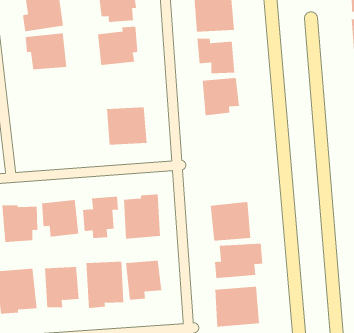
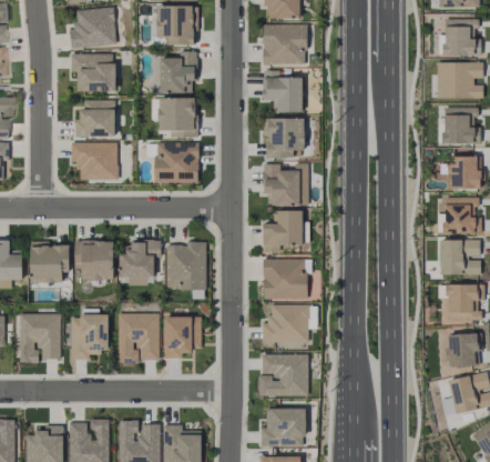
building: none -> [159,97,196,137]
building: none -> [74,99,115,137]
building: none -> [71,142,118,180]
building: none -> [264,163,308,205]
building: none -> [263,210,303,252]

